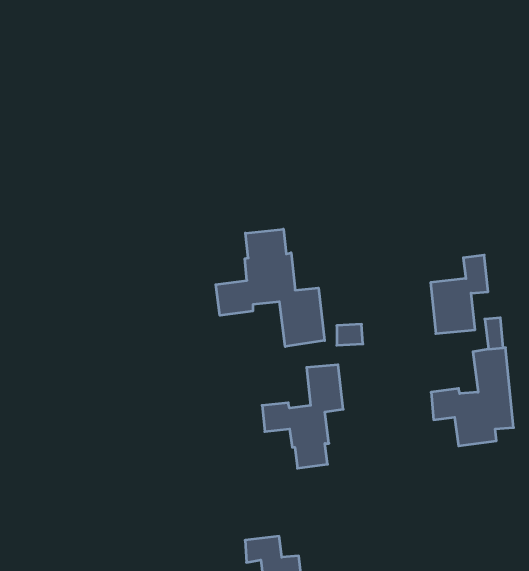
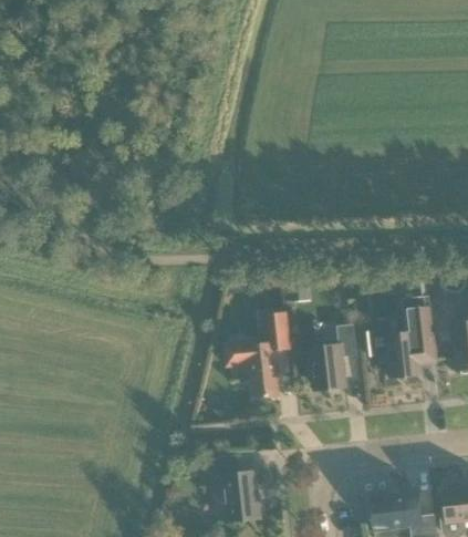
building: [216,229,325,347] -> none
building: [431,255,488,334] -> [310,326,358,392]

